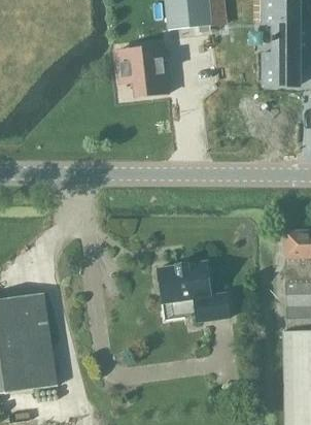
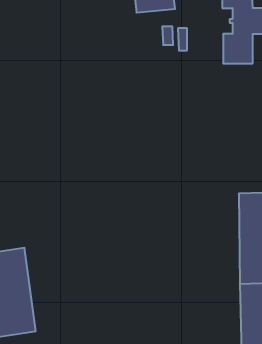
building: [116,45,168,96] -> none
building: [158,261,232,322] -> none

